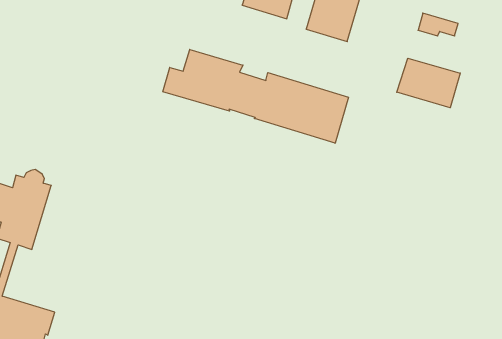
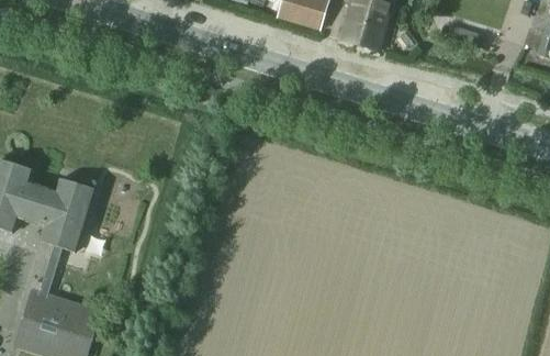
building: [163,49,348,143] -> none
building: [397,58,460,108] -> none

